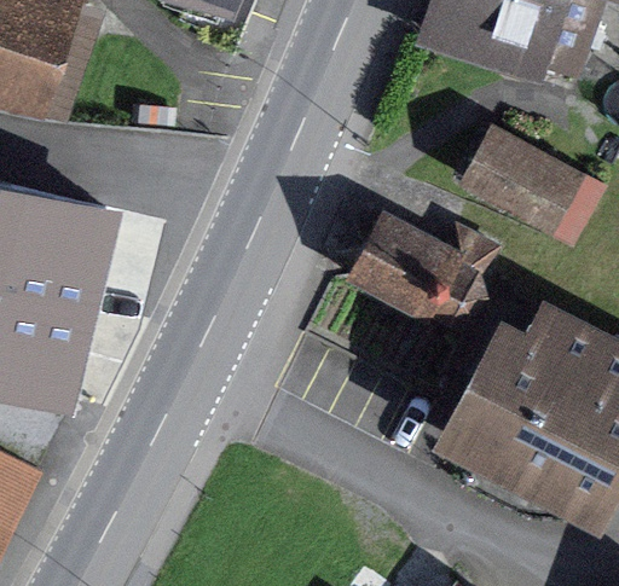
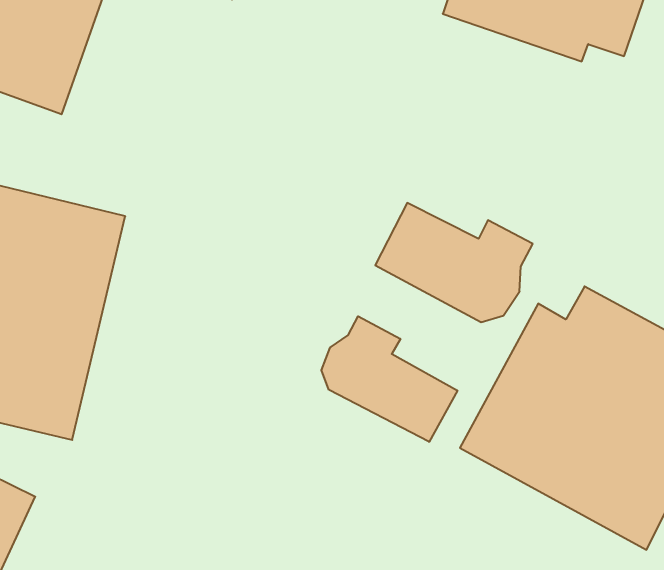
building: [462,123,600,238] -> none
building: none -> [321,316,457,442]

